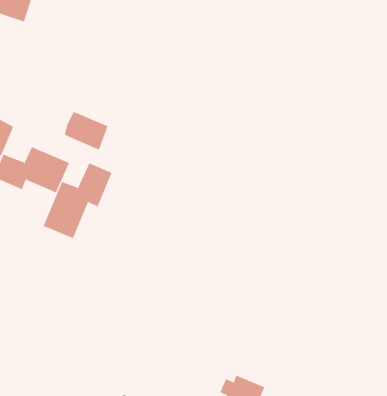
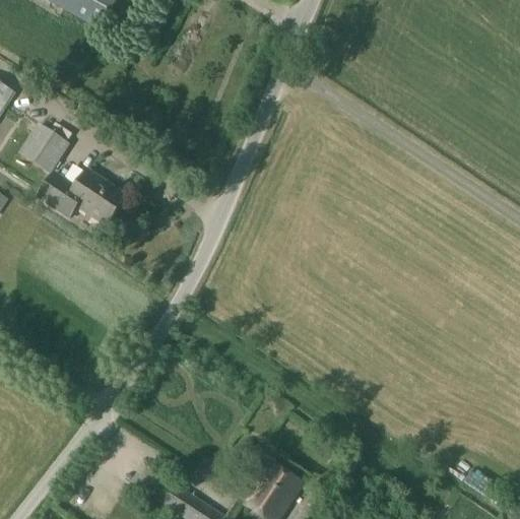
building: [64,111,108,151] -> none
building: [43,162,112,239] -> none

